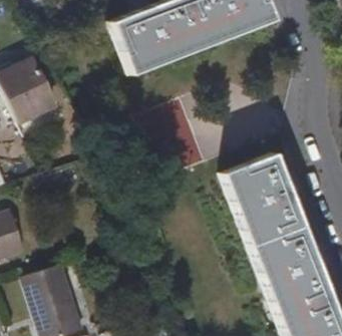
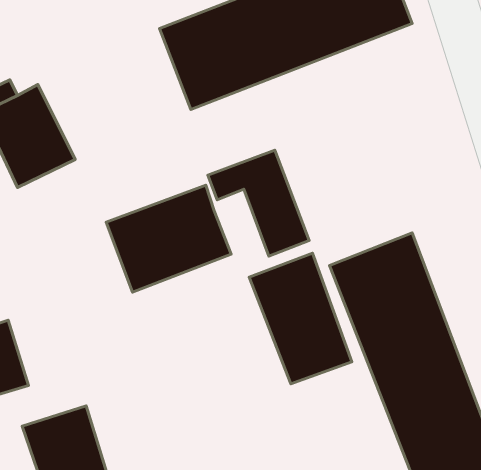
building: none -> [106,185,231,292]
building: none -> [249,253,352,384]

